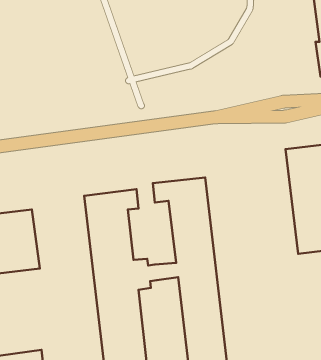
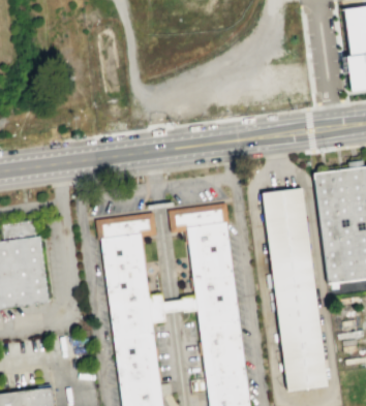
building: none -> [262,188,327,389]

